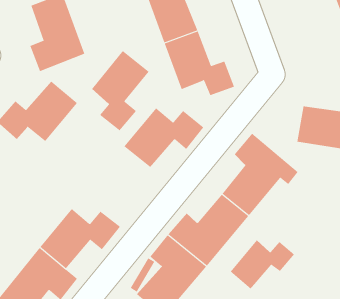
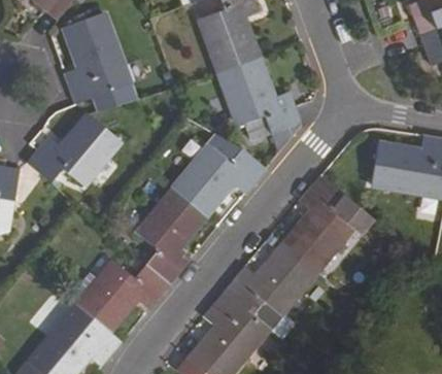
building: [91,50,150,131] -> [136,191,203,283]
building: [230,240,295,289] -> none

